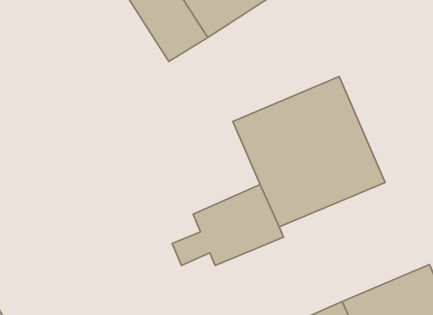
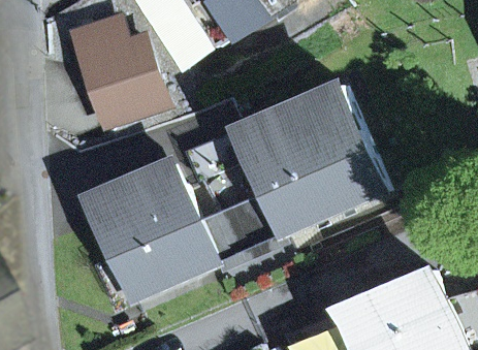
building: none -> [74,21,160,122]
building: none -> [85,162,202,300]

